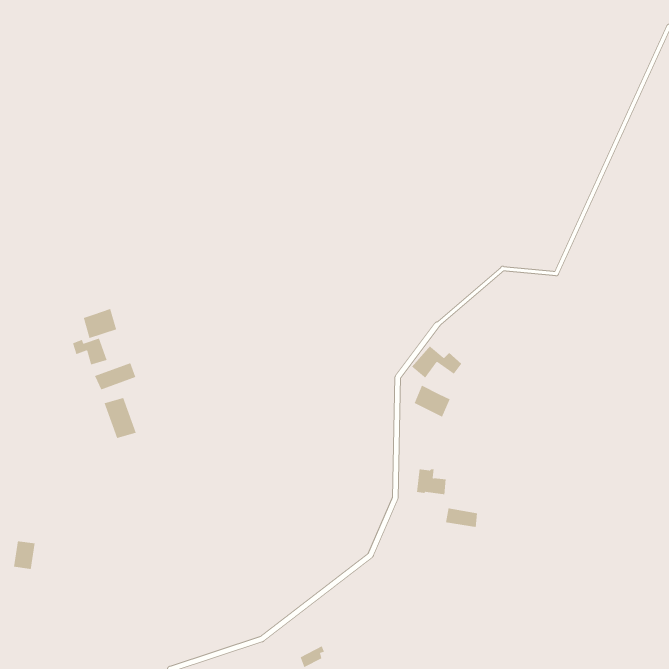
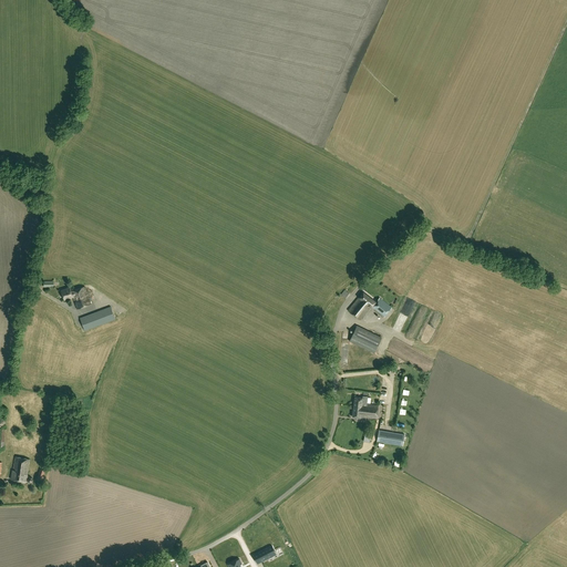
building: [83,308,117,339] -> none
building: [104,397,137,439] -> none

